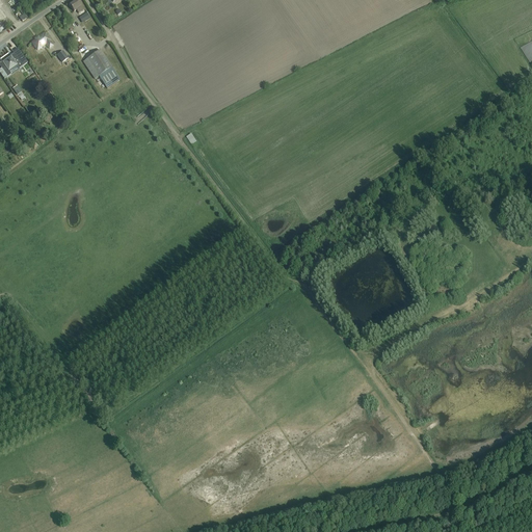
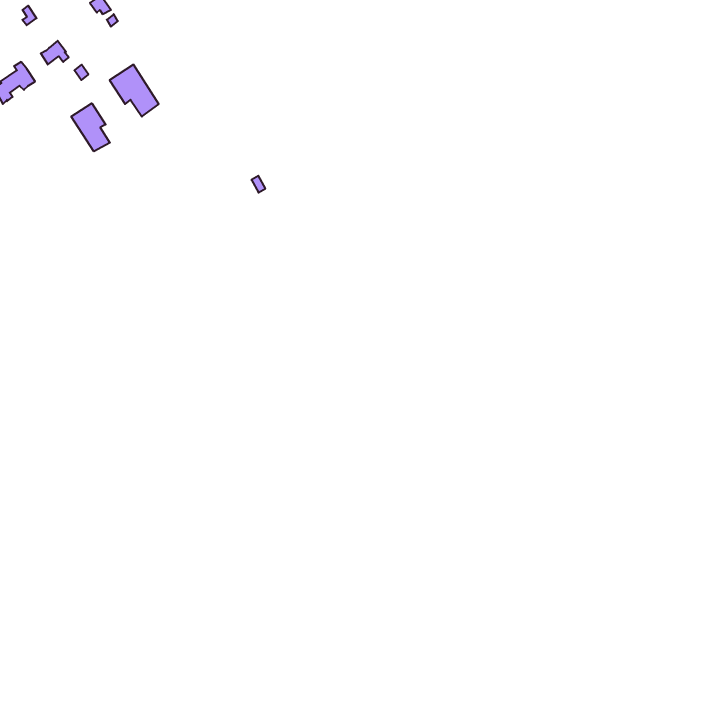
building: none -> [71,103,110,151]

